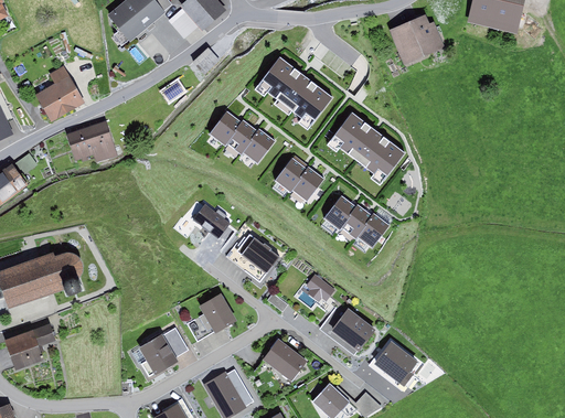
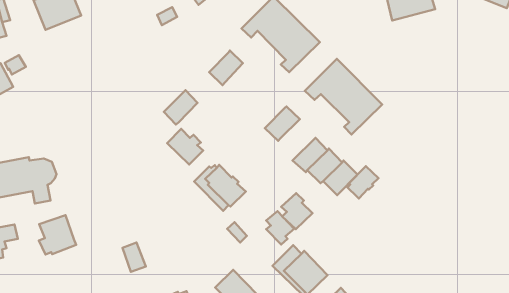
building: [207,107,241,143] -> [164,90,198,124]
building: [66,121,115,161] -> none
building: [242,126,275,161] -> none
building: [274,156,307,192] -> none
building: none -> [348,166,378,199]
building: none -> [281,193,312,229]
building: [199,294,236,334] -> none
building: [137,333,178,376] -> [39,215,76,254]

